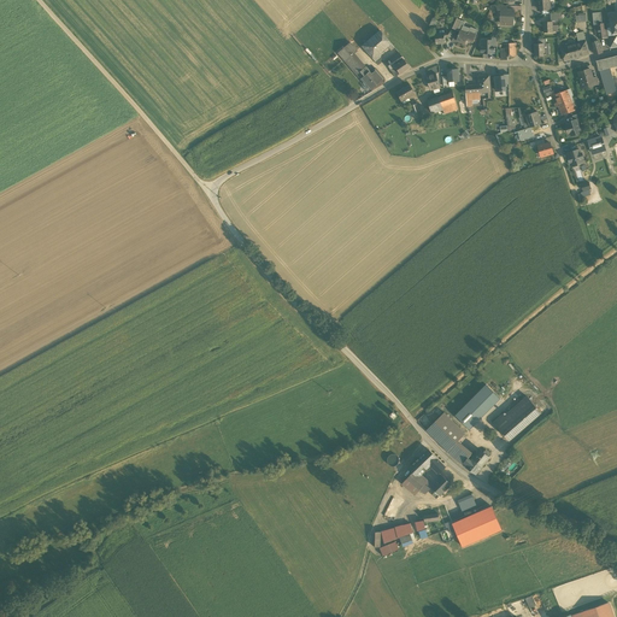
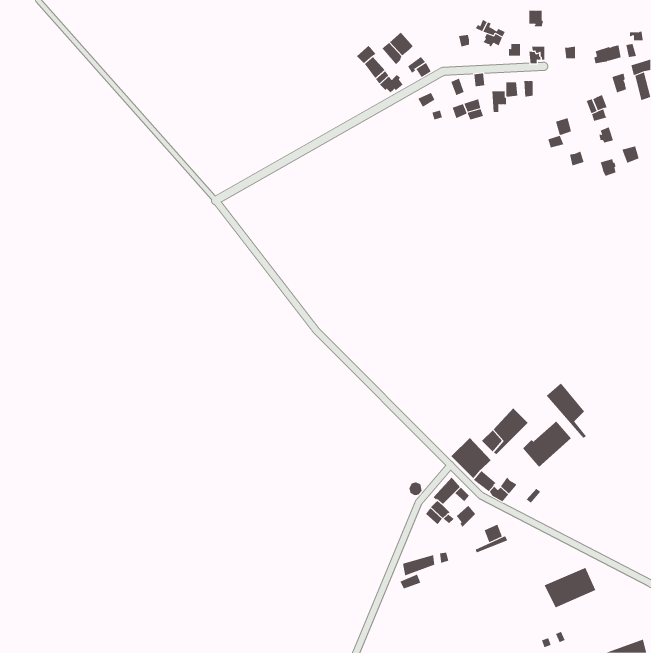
building: none -> [546,383,587,438]
building: [451,507,500,546] -> [544,567,596,608]

